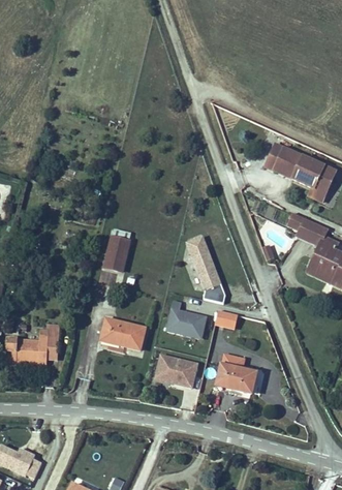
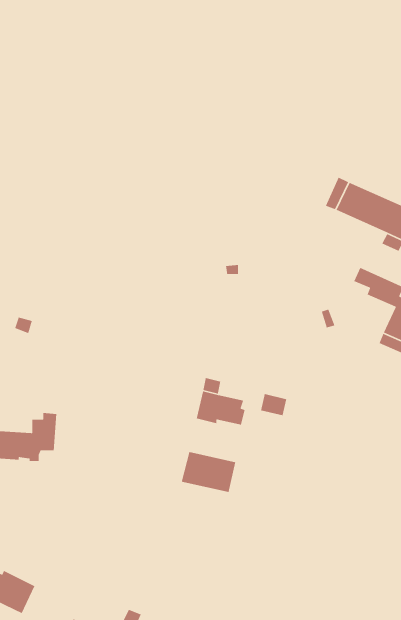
building: [104,229,130,271] -> none
building: [185,237,221,290] -> none
building: [101,318,145,349] -> none
building: [216,354,255,393] -> none

